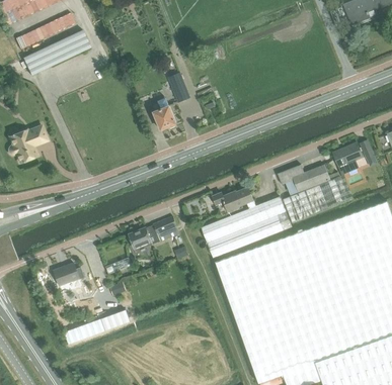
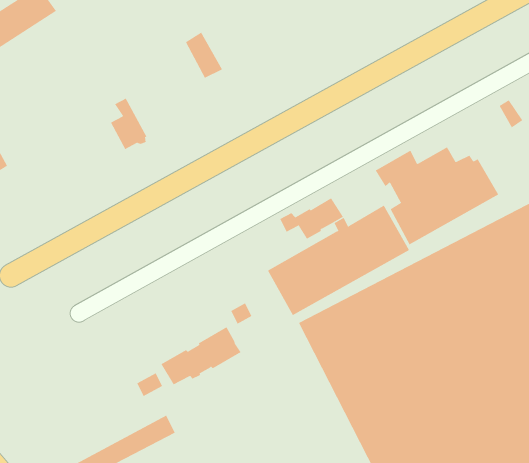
building: [153,98,175,130] -> [110,98,147,150]
building: [332,142,363,175] -> none
building: [128,216,179,249] -> [161,326,241,385]
building: [53,263,84,287] -> none

